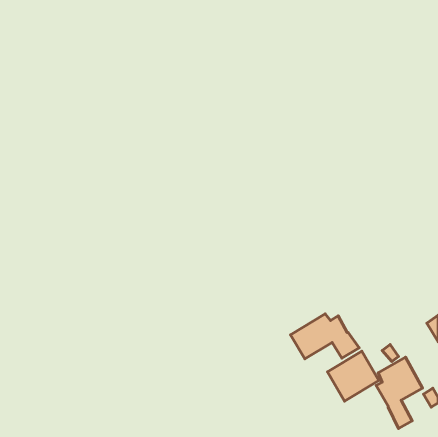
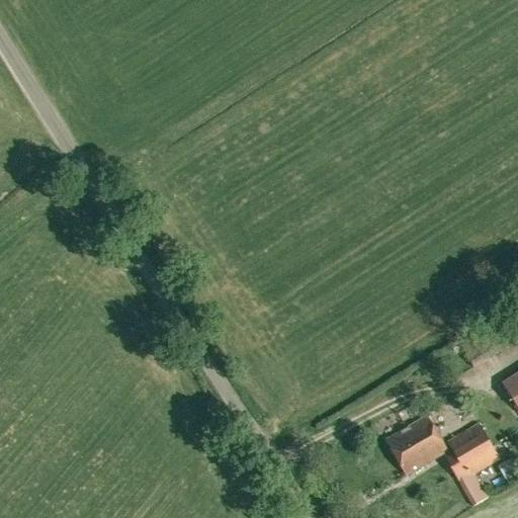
building: [290,314,359,359] -> none

